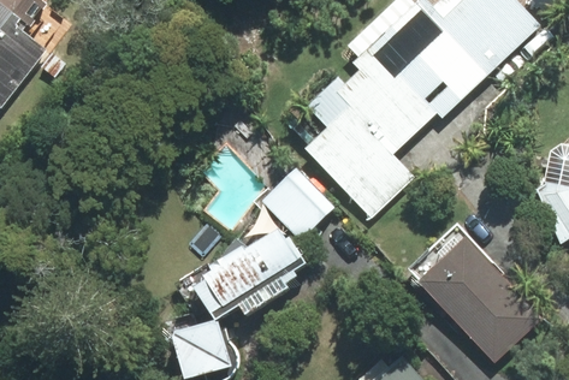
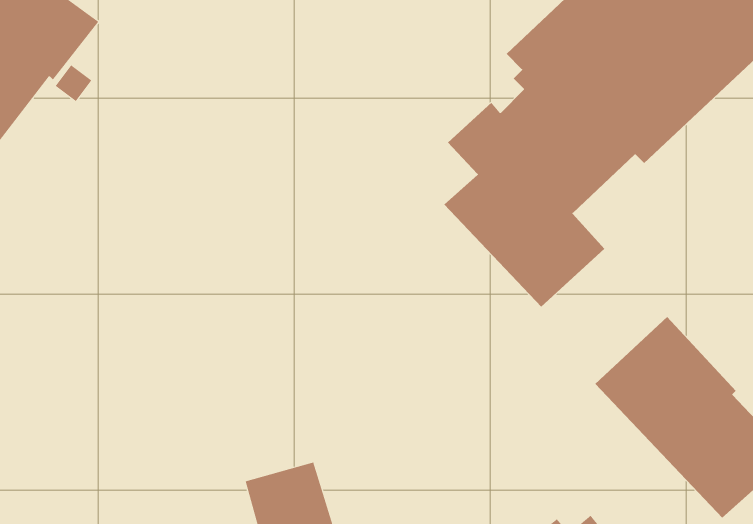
building: [261,170,332,241] -> none
building: [183,230,303,319] -> none

